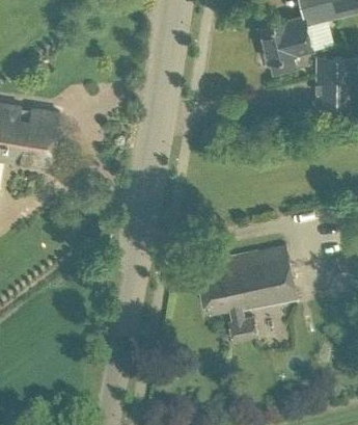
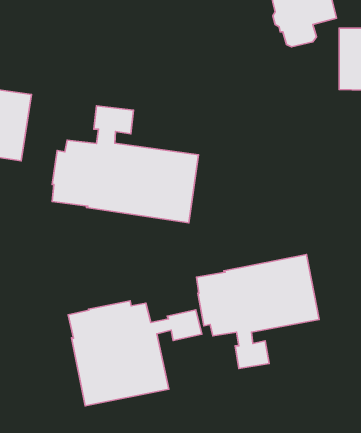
building: none -> [52,106,199,223]
building: none -> [68,301,202,406]

